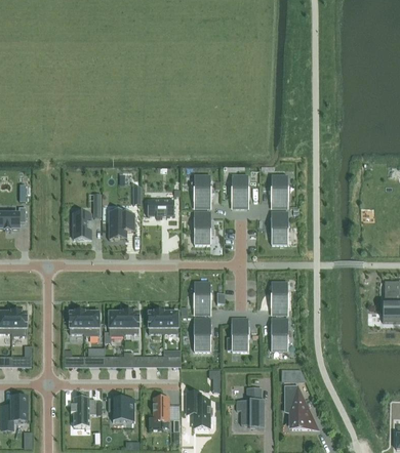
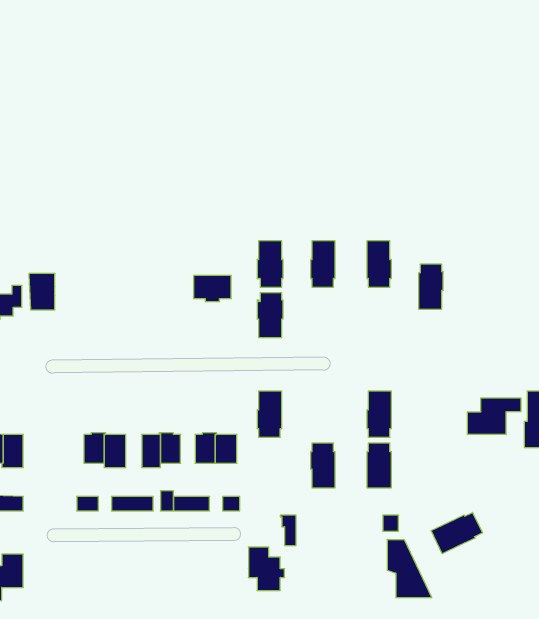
building: [109,210,135,237] -> none
building: [271,211,288,243] -> [419,264,443,309]
building: [73,212,91,238] -> [29,274,55,310]
building: none -> [468,398,521,435]
building: [193,318,211,353] -> none
building: none -> [431,512,482,554]
building: [237,386,264,427] -> none
building: [71,397,95,425] -> none
building: [108,397,134,420] -> none
building: [148,397,169,428] -> none

